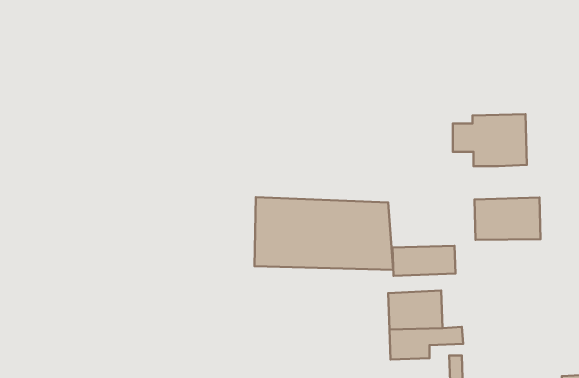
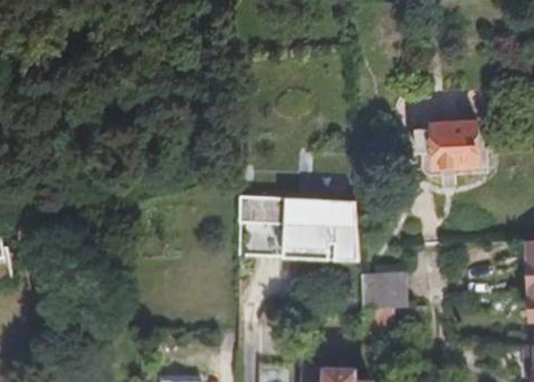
building: [475,197,541,240] -> none
building: [392,246,455,276] -> none

